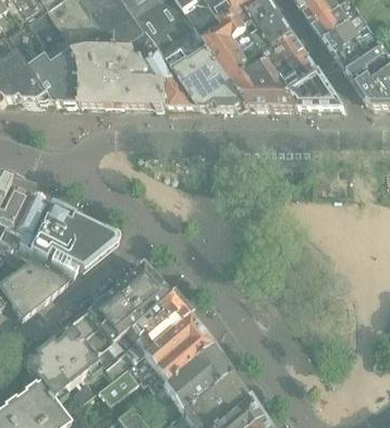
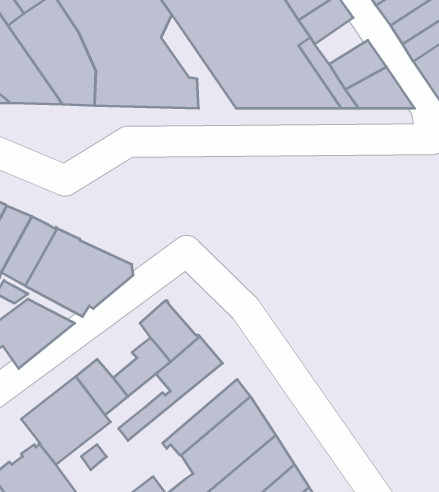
building: [139,29,200,106] -> none
building: [265,32,308,70] -> none
building: [87,281,131,326] -> none
building: [99,314,202,403] -> none

